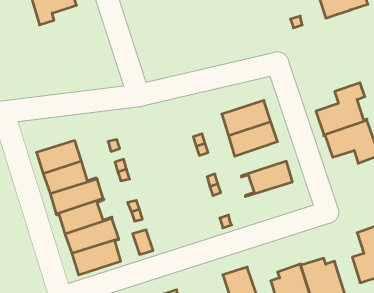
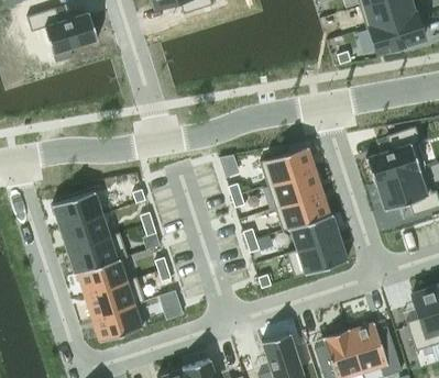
building: none -> [274,191,332,230]
building: none -> [286,236,347,277]

